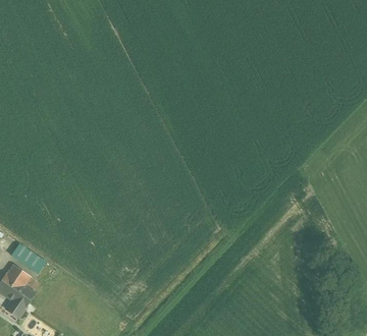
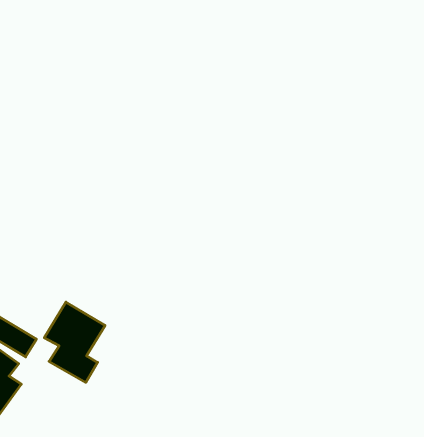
building: none -> [44,302,105,382]

